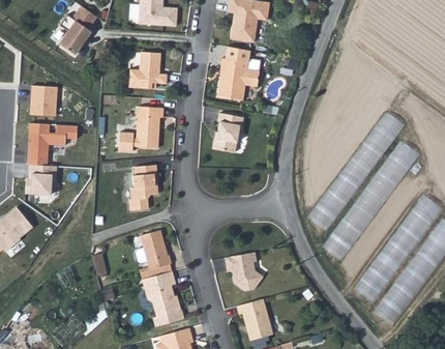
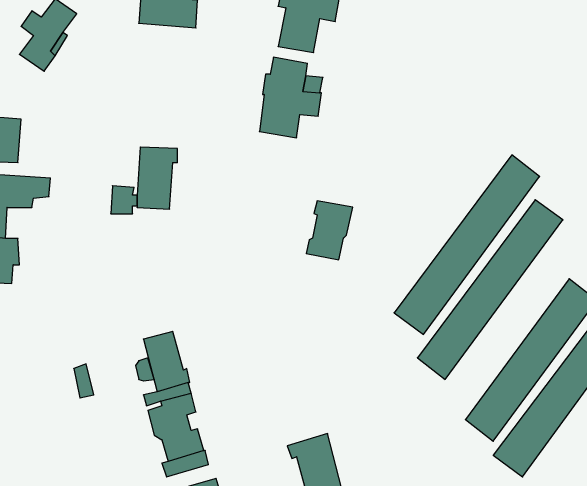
building: [128,51,166,87] -> none
building: [212,112,243,151] -> [306,201,353,260]
building: [130,164,158,199] -> none
building: [225,252,263,290] -> none

